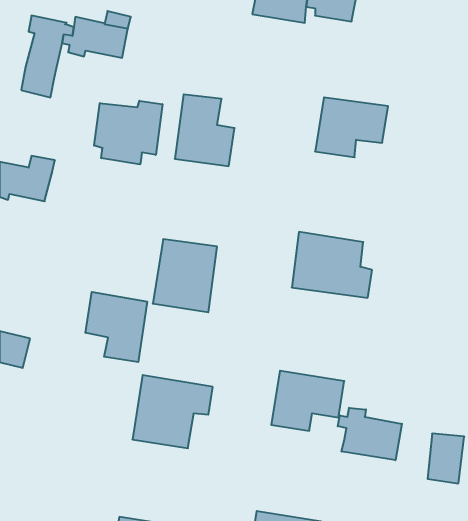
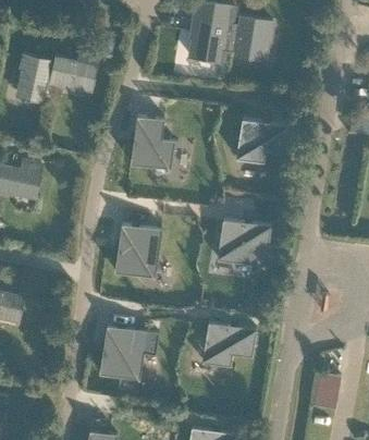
building: [94,101,162,164] -> none
building: [86,292,147,362] -> none
building: [338,408,402,460] -> none

